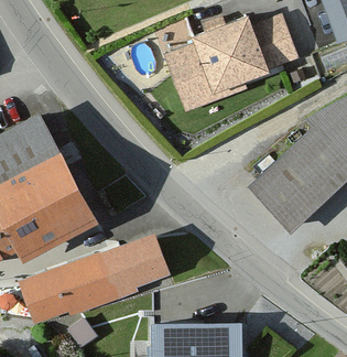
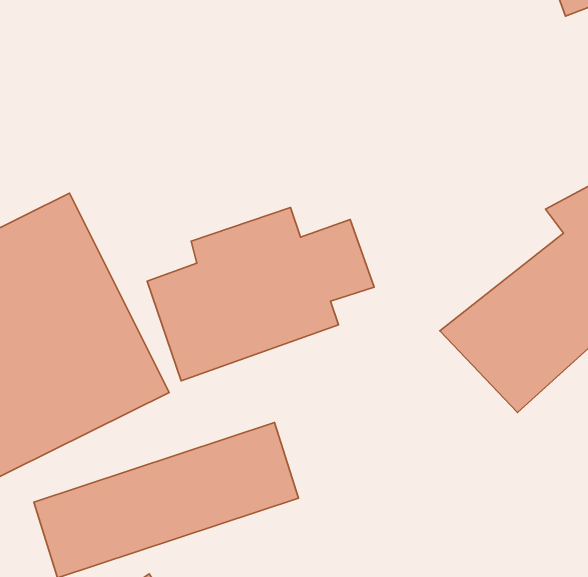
building: [170,18,295,113] -> [147,207,374,381]

